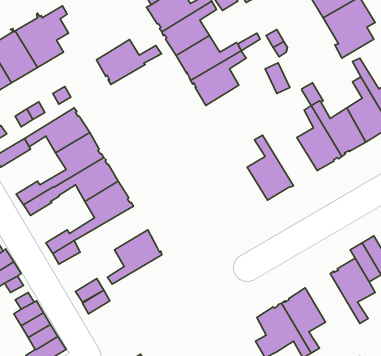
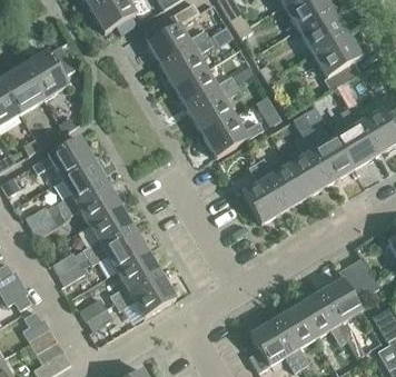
building: [96,40,162,85] -> [202,116,264,158]
building: none -> [256,158,307,210]
building: none -> [87,229,148,270]
building: none -> [115,275,176,317]
building: none -> [296,292,347,344]

